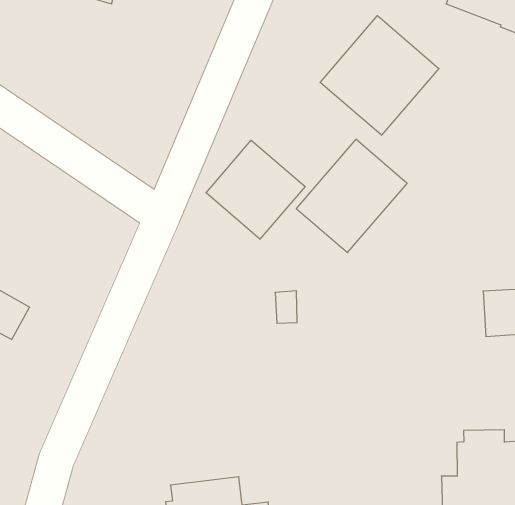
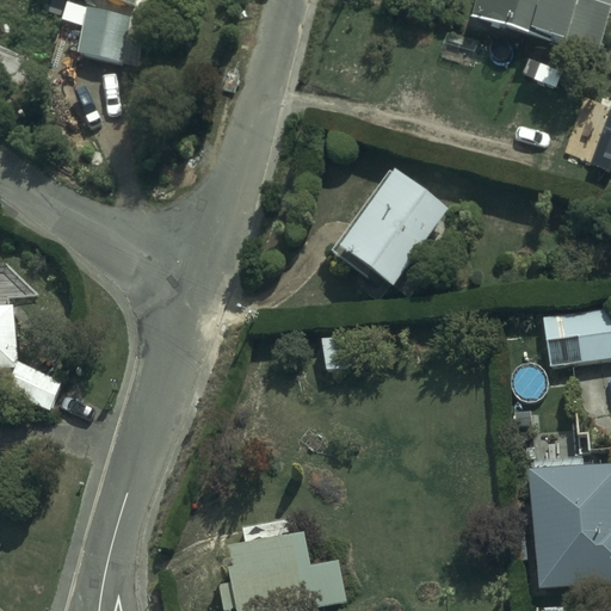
building: [320,16,439,135] -> none
building: [206,140,305,239] -> none

